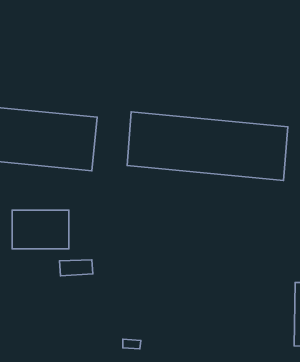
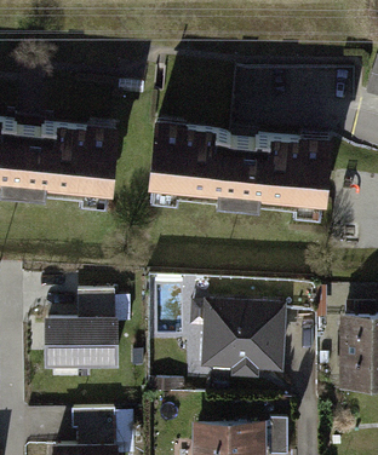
building: [12,210,69,249] -> [50,322,114,365]
building: none -> [204,304,282,372]

